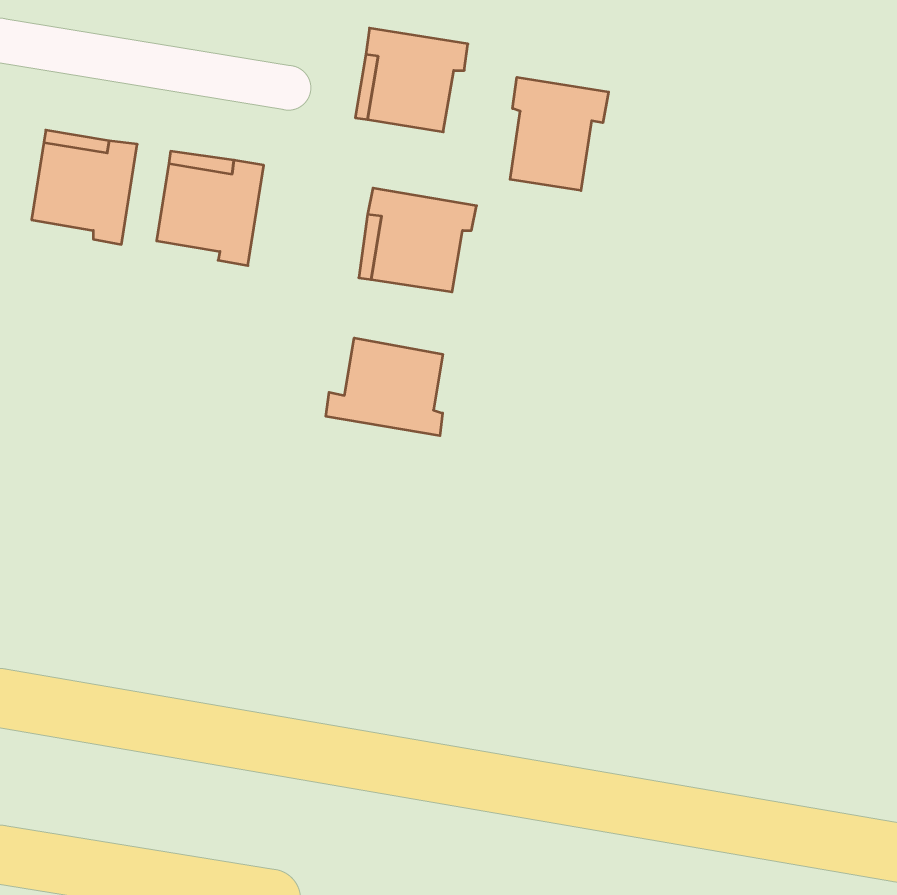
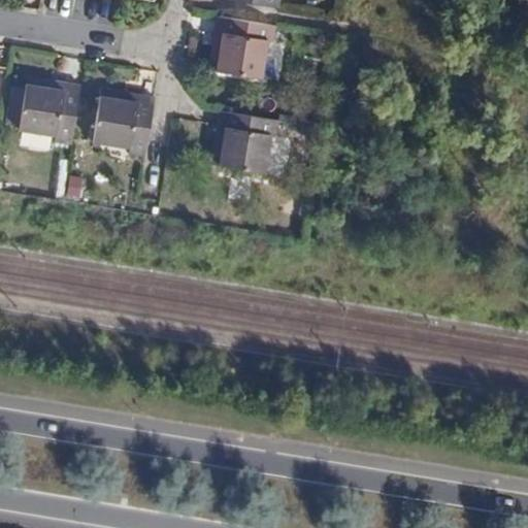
building: [510,77,609,191] -> none
building: [326,338,443,436] -> none

